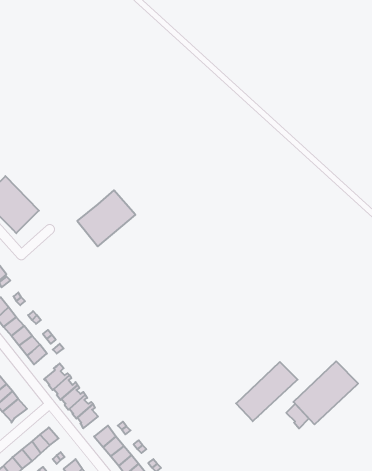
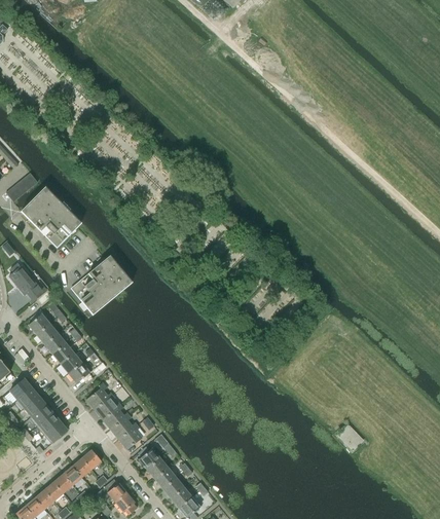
building: [77,190,135,246] -> [71,256,132,314]
building: [293,361,358,424] -> none
building: [236,362,298,421] -> none

